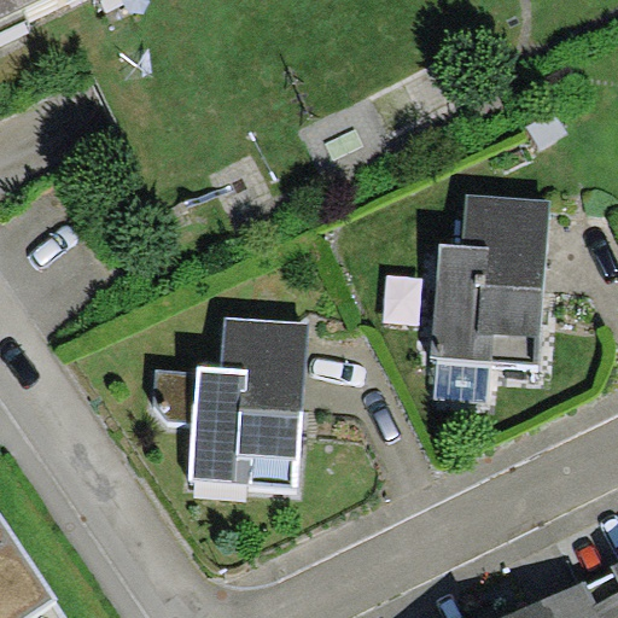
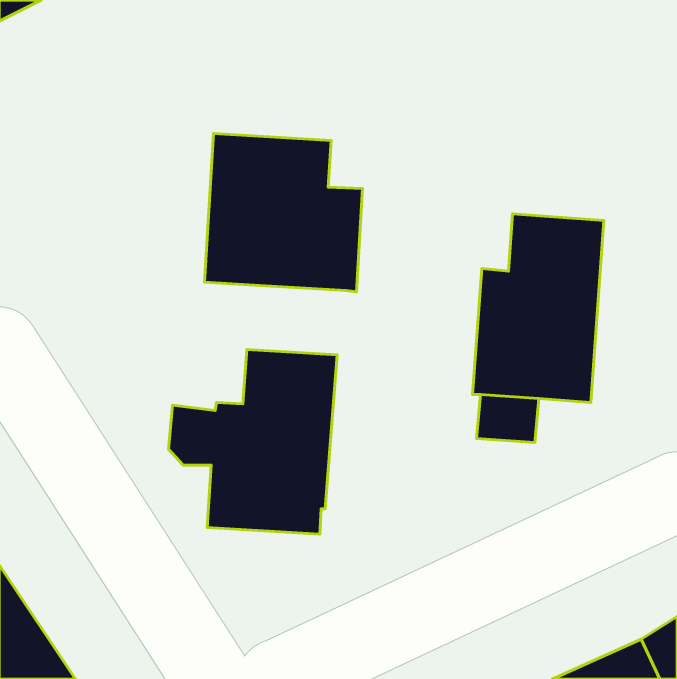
building: none -> [205,134,362,292]

